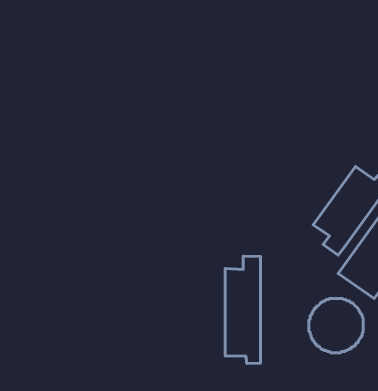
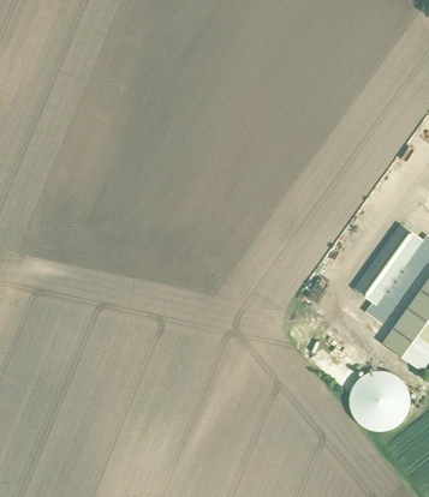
building: [225,256,261,363] -> none

